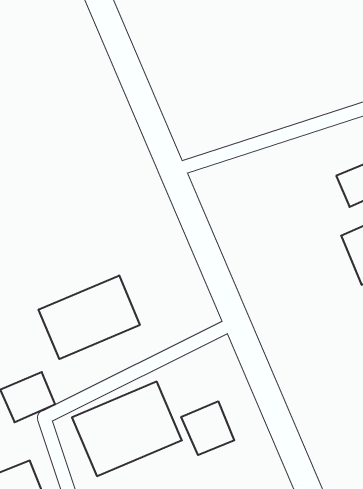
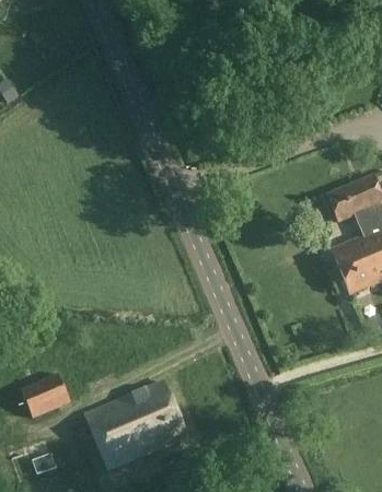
building: [39,275,140,359] -> none
building: [181,401,234,455] -> none

